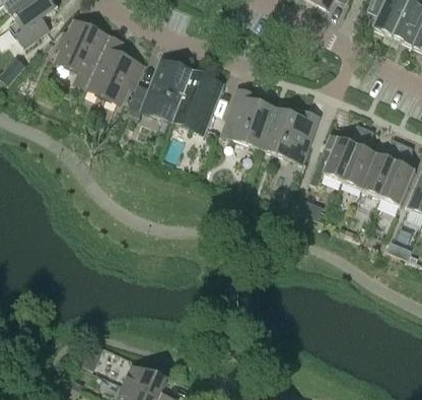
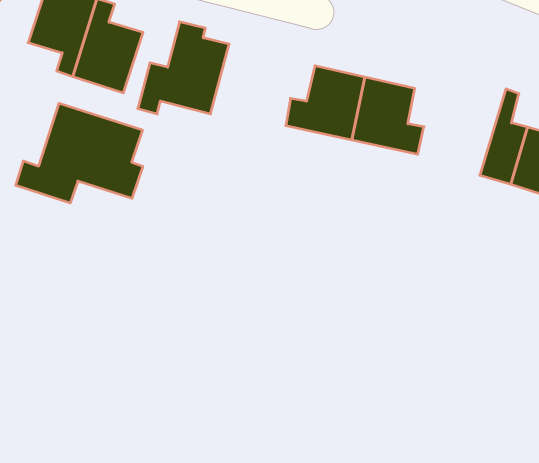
building: [173,76,224,132] -> none
building: none -> [16,103,143,203]
building: [310,122,366,182] -> none

